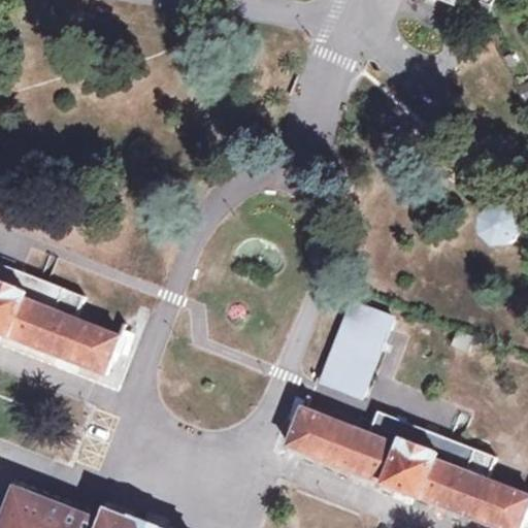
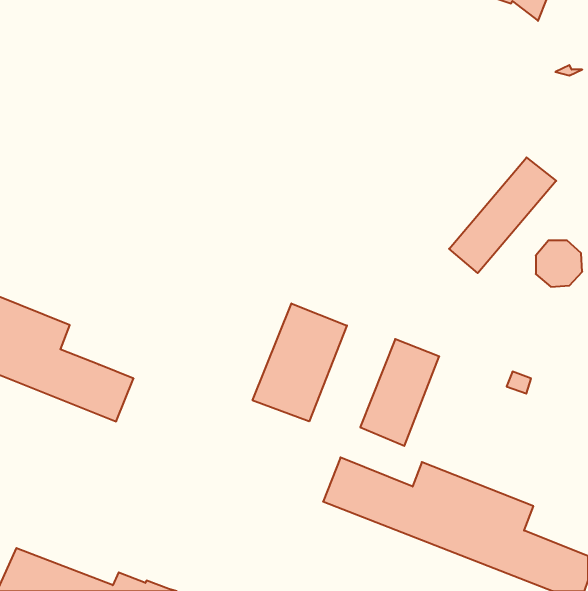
building: none -> [449,157,556,273]
building: none -> [253,303,347,421]

